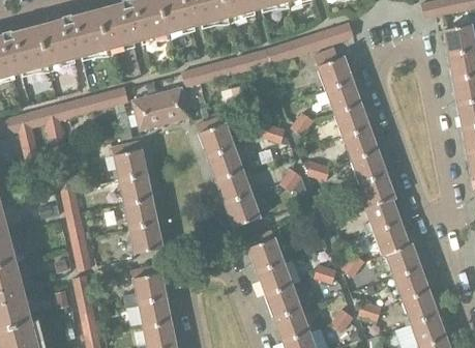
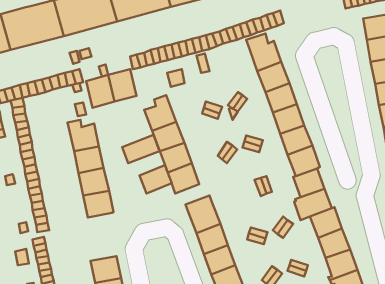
building: none -> [122,135,160,163]
building: none -> [139,165,172,194]
building: [124,264,167,306] -> none

